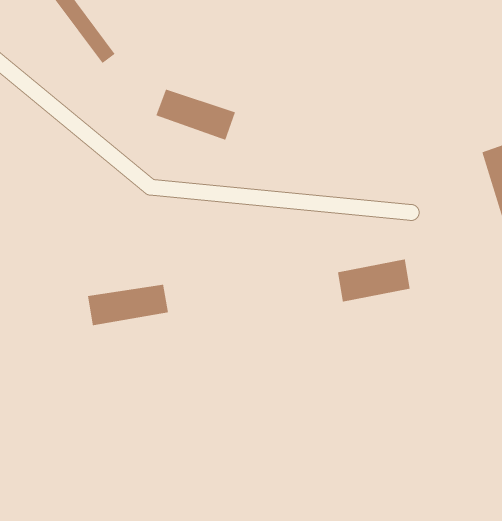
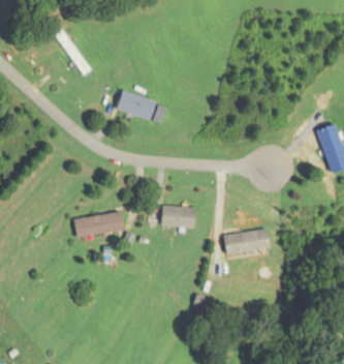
building: [337,259,411,302] -> [224,229,270,255]
building: none -> [162,207,195,226]

